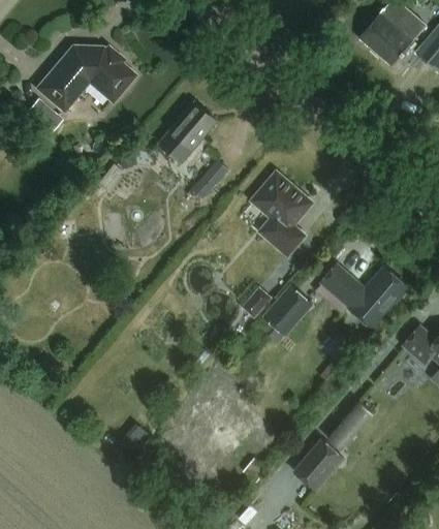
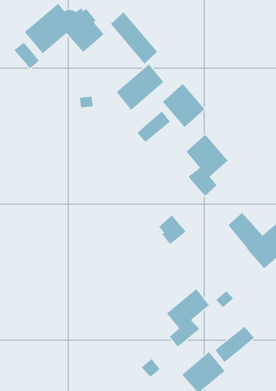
building: none -> [110,11,158,64]
building: none -> [162,83,205,128]
building: [263,283,314,335] -> none
building: none -> [166,288,210,348]

